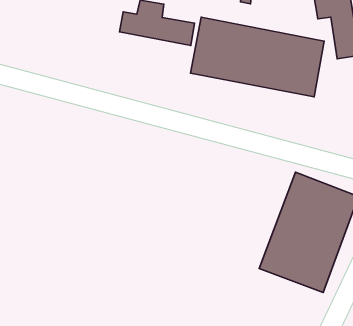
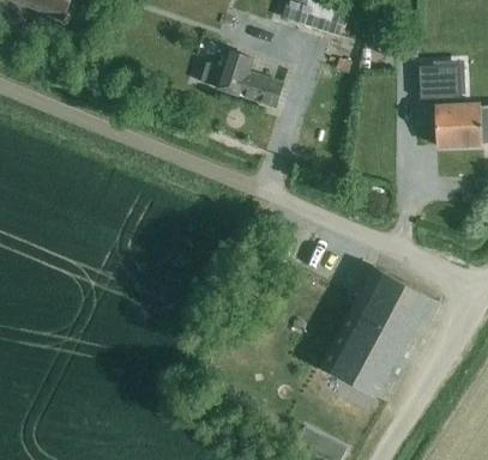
building: [191,17,324,97] -> none

